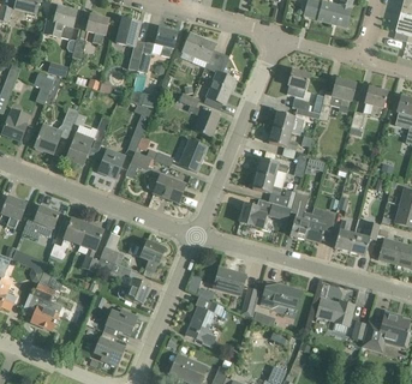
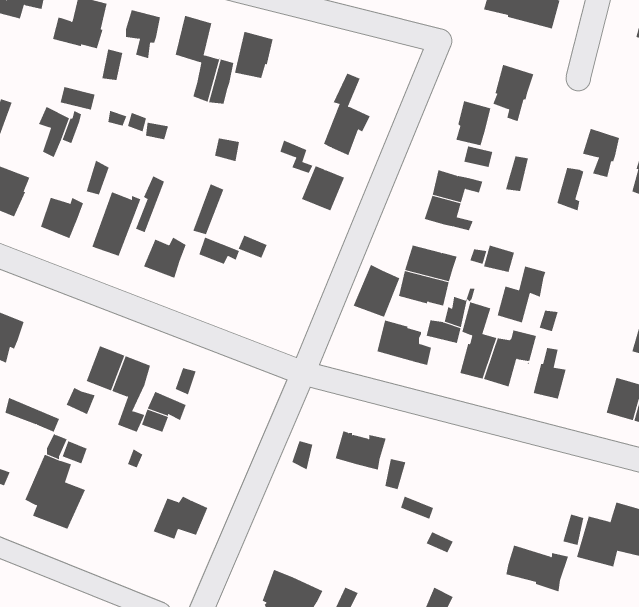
building: [183,35,221,71] -> none
building: [330,78,356,113] -> [493,64,534,122]
building: [178,139,207,172] -> [353,264,400,318]
building: [147,174,185,202] -> none
building: [23,206,59,236] -> none
building: [350,221,380,256] -> [497,266,546,323]
building: [132,241,165,272] -> none
building: [118,277,149,304] -> none
building: [261,284,301,308] -> none
building: [316,298,354,326] -> [506,545,569,592]
building: [185,301,226,348] -> none
building: [95,331,124,365] -> none

